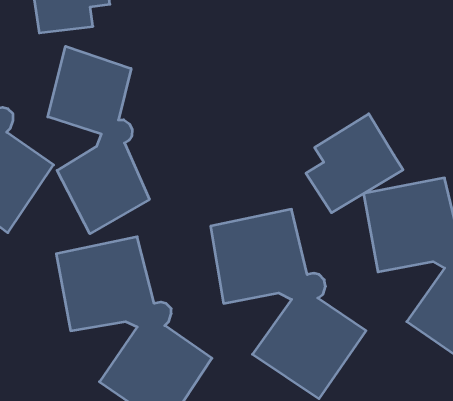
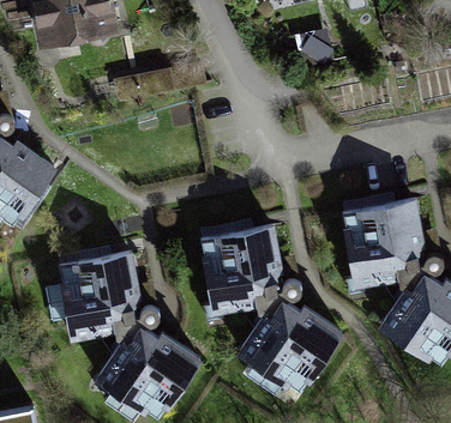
building: [48,46,149,234] -> none
building: [306,114,403,213] -> none

